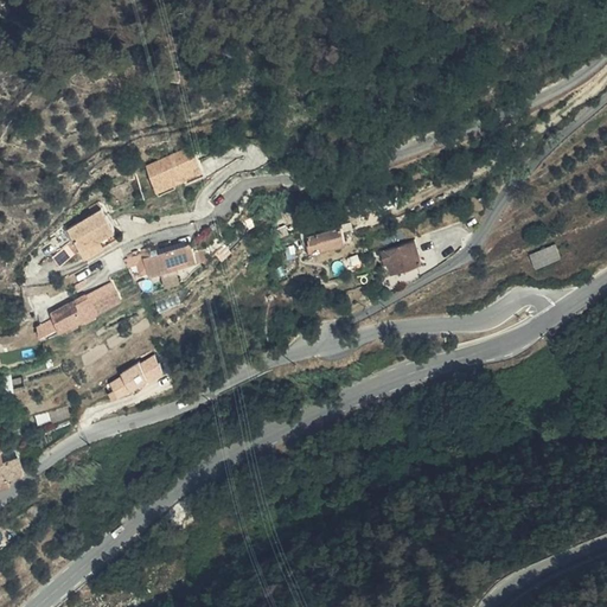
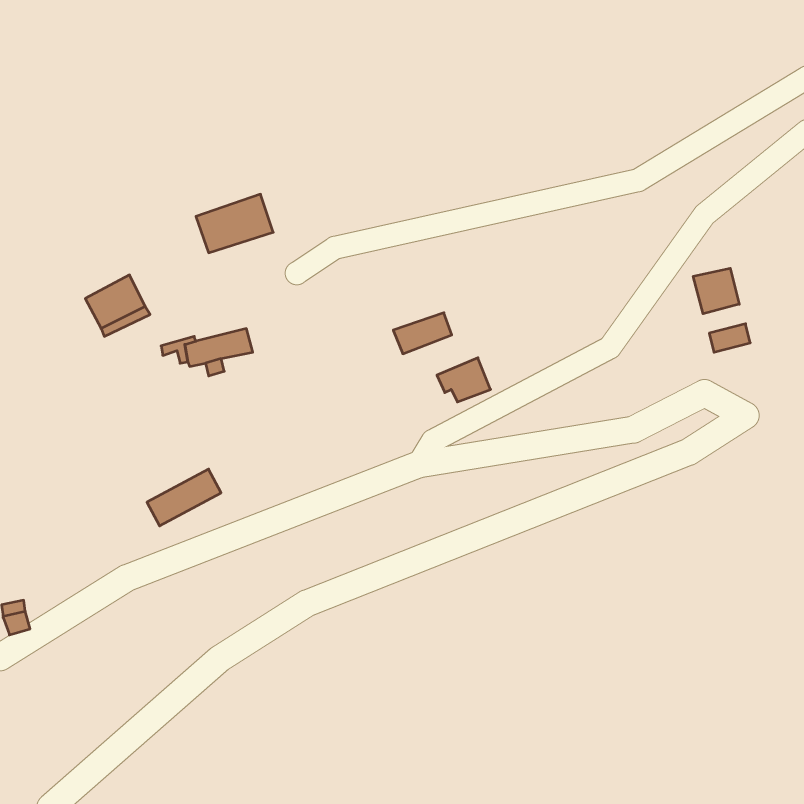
building: none -> [693,268,739,314]
building: [375,243,415,276] -> [437,358,491,402]
building: [45,281,115,326] -> none

